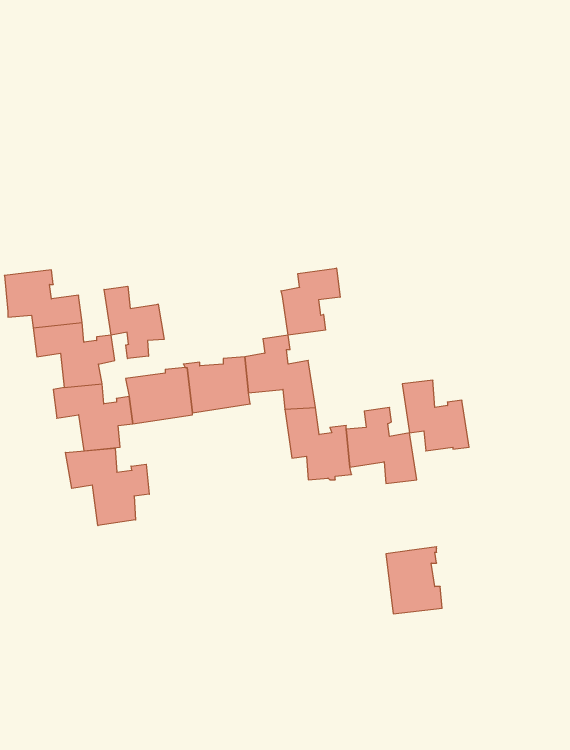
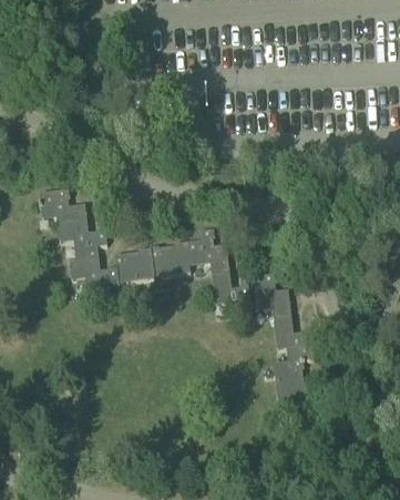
building: [281,268,340,335] -> none
building: [104,286,164,359] -> none
building: [402,380,469,451] -> [273,317,314,360]
building: [65,448,149,526] -> none

